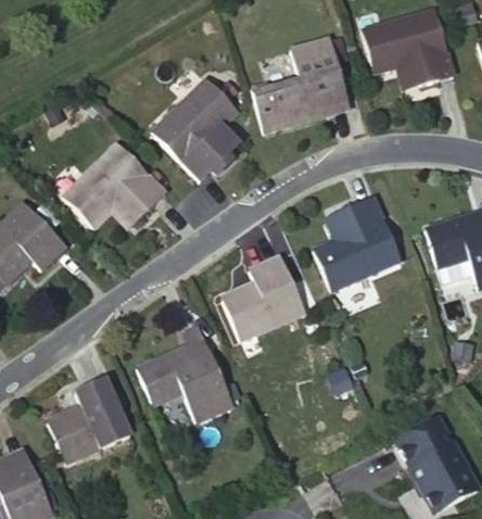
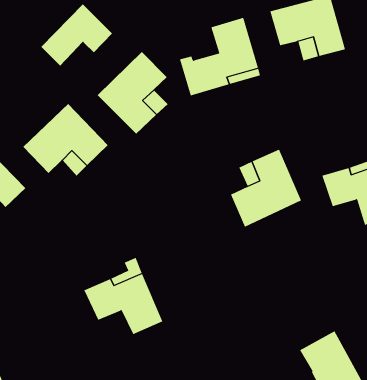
building: none -> [41,4,113,66]
building: [221,255,305,340] -> none
building: [46,377,129,461] -> none

